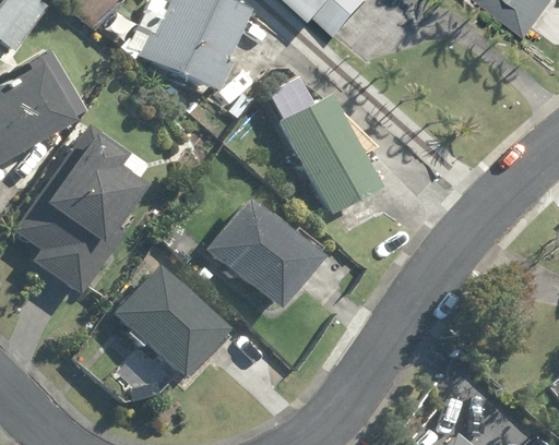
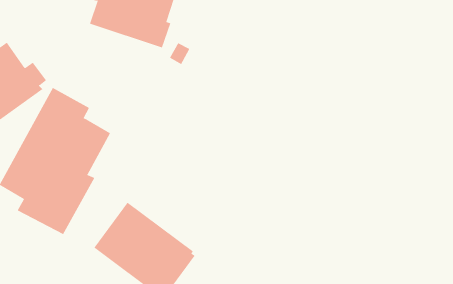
building: [281,94,382,217] -> none
building: [206,197,324,311] -> none

